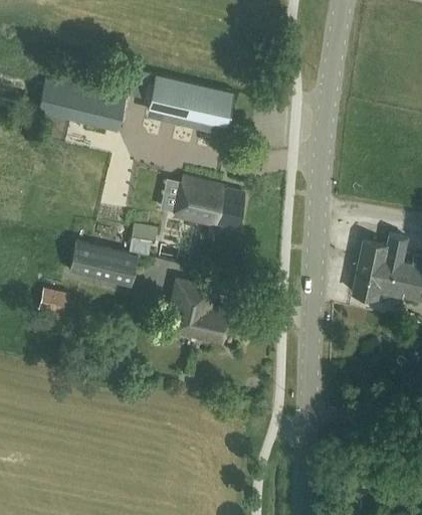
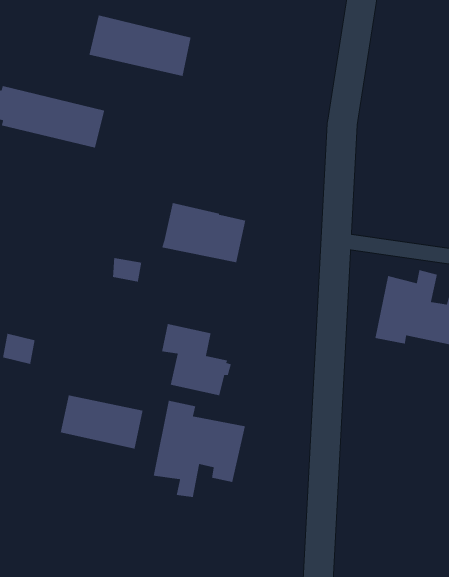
building: [148,74,234,127] -> [89,15,192,77]
building: [68,241,139,288] -> [60,395,144,450]
building: none -> [153,400,246,498]

